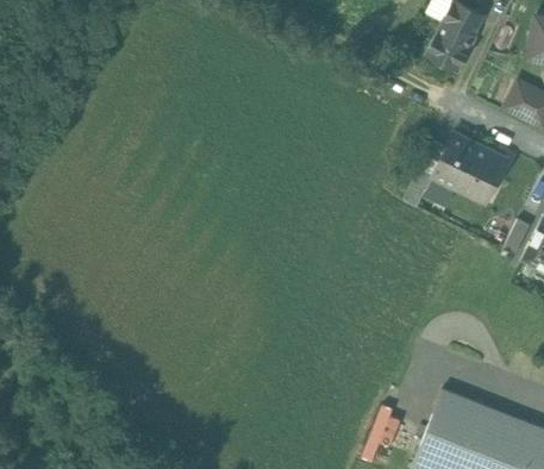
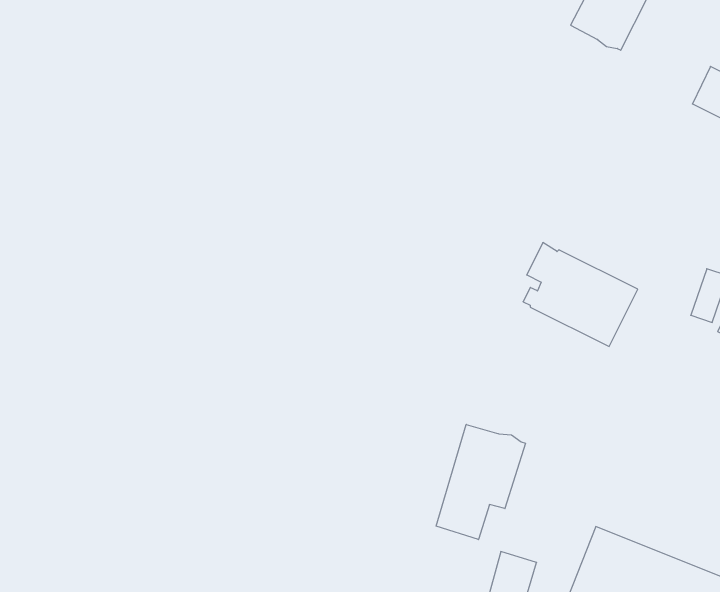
building: [431,131,507,200] -> [523,243,638,346]
building: none -> [436,424,526,540]

